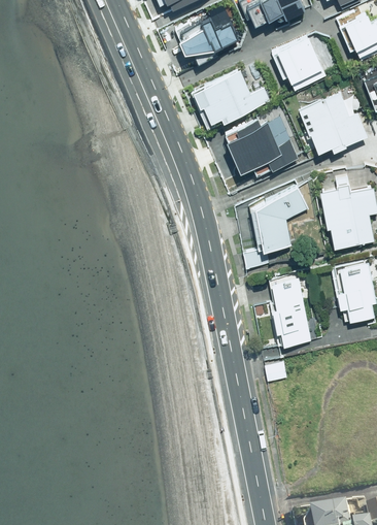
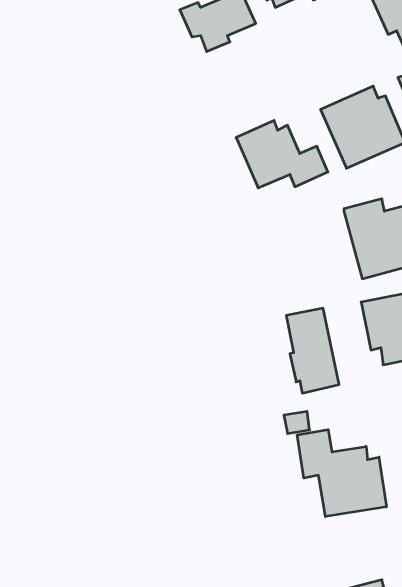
building: [279,31,329,88] -> none
building: [197,68,273,118] -> none
building: [243,189,309,271] -> none
building: none -> [297,430,386,517]

